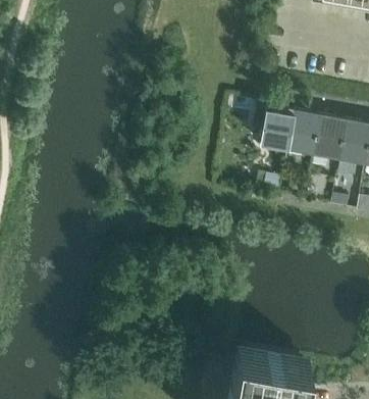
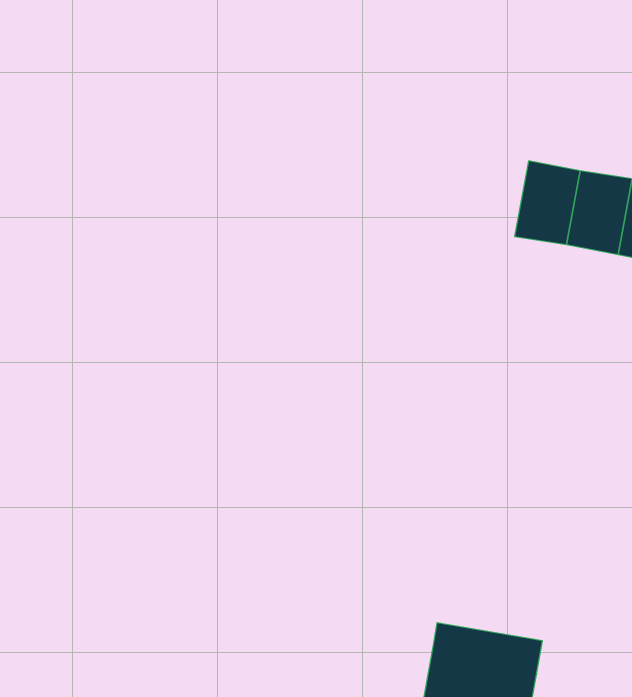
building: [255,108,295,152] -> none

